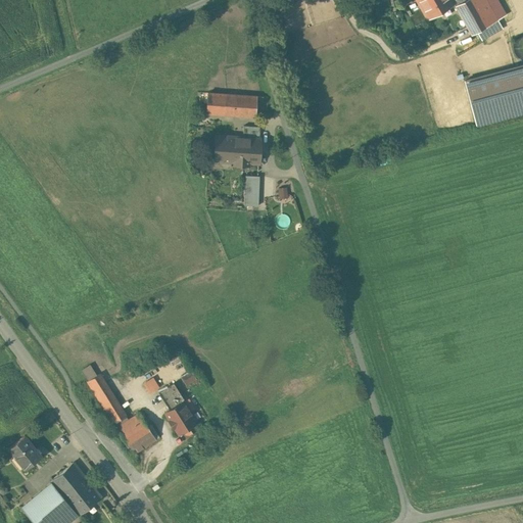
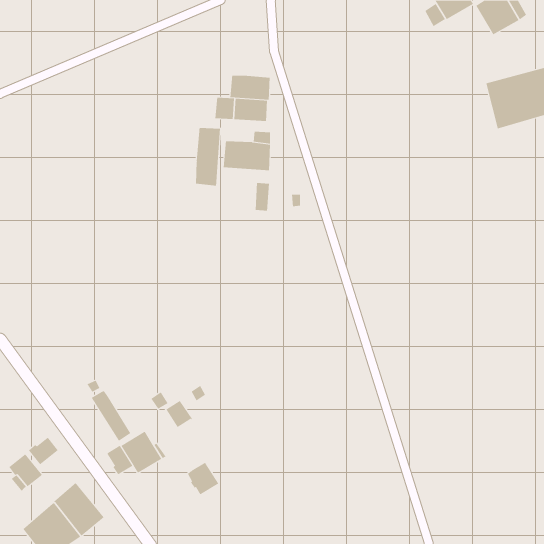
building: none -> [230,75,270,100]
building: none -> [195,127,221,186]
building: [167,402,197,434] -> [187,462,219,495]
building: none -> [28,435,59,465]
building: none -> [105,445,133,475]

